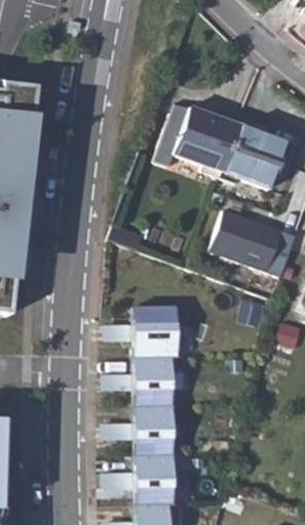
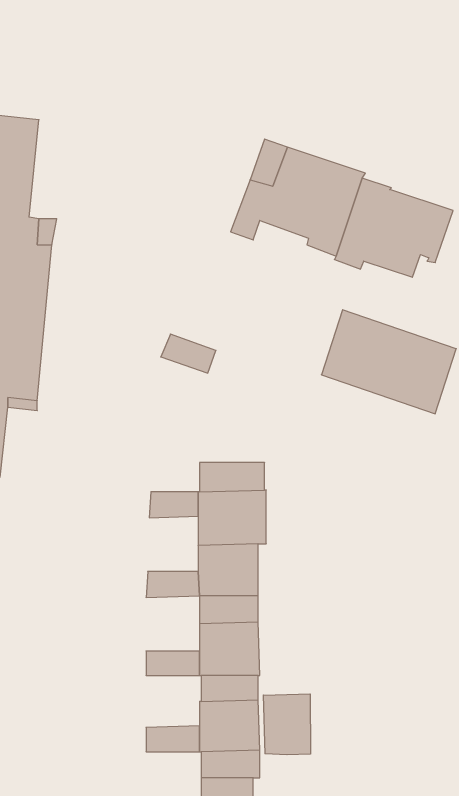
building: none -> [263,694,310,755]

